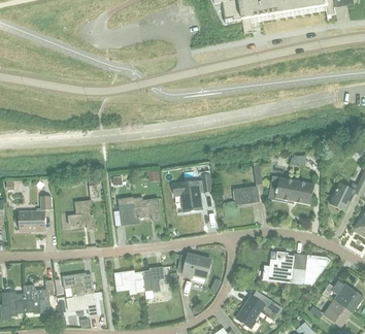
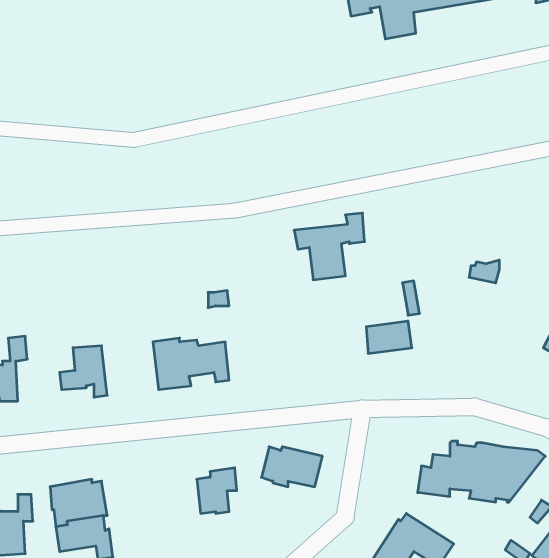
building: [173,174,211,210] -> [294,213,365,280]
building: [271,176,313,204] -> none
building: [114,270,144,294] -> none

